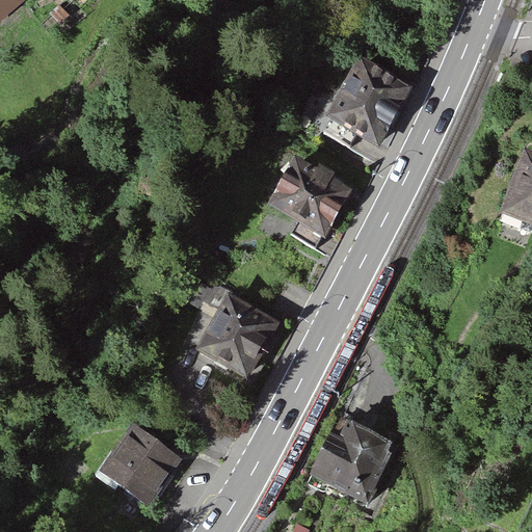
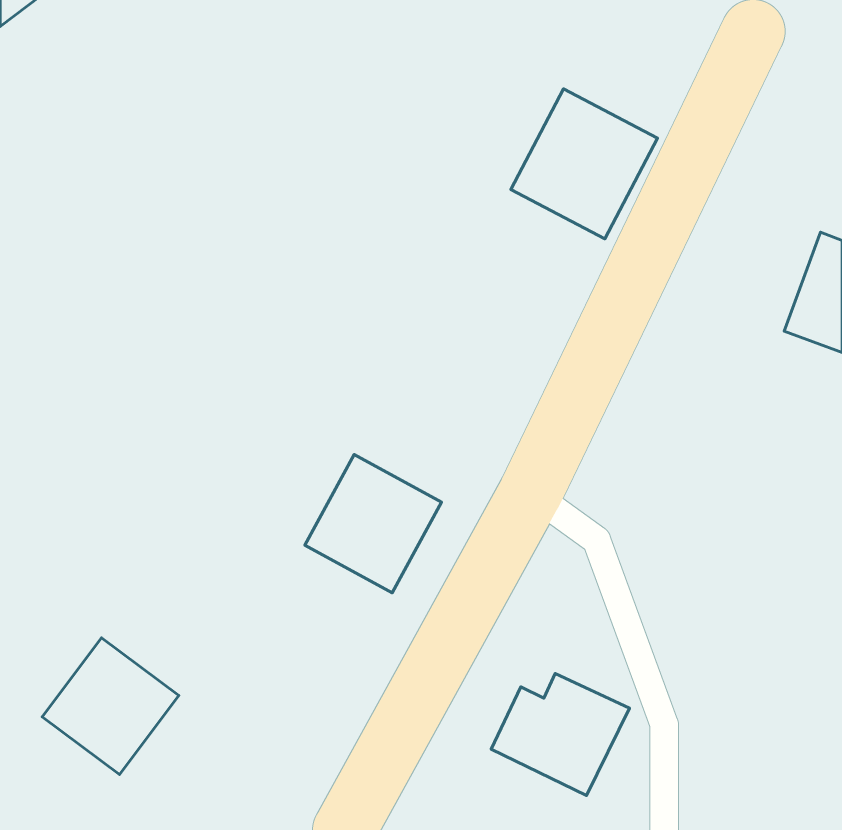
building: [264,153,353,246] -> none
building: [99,425,185,511] -> [42,638,179,775]

